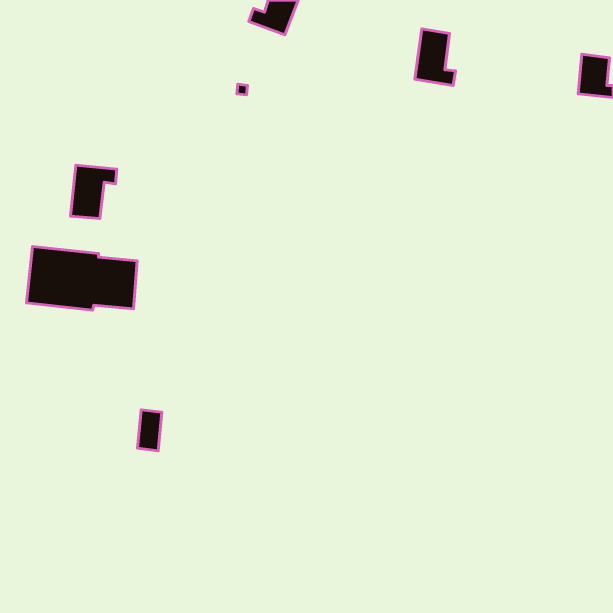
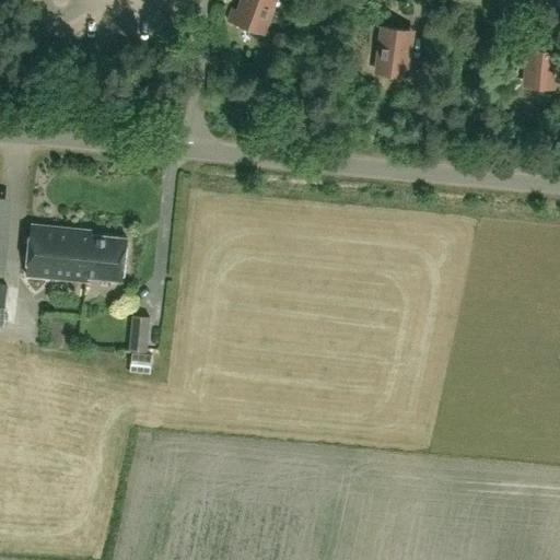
building: [70,165,117,219] -> none
building: [138,410,162,451] -> [127,316,149,353]

